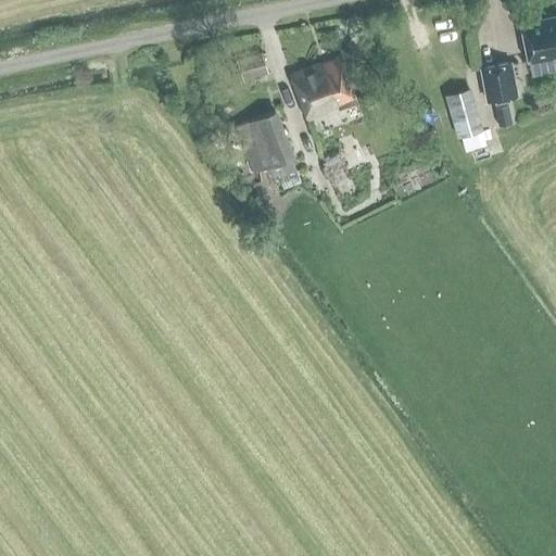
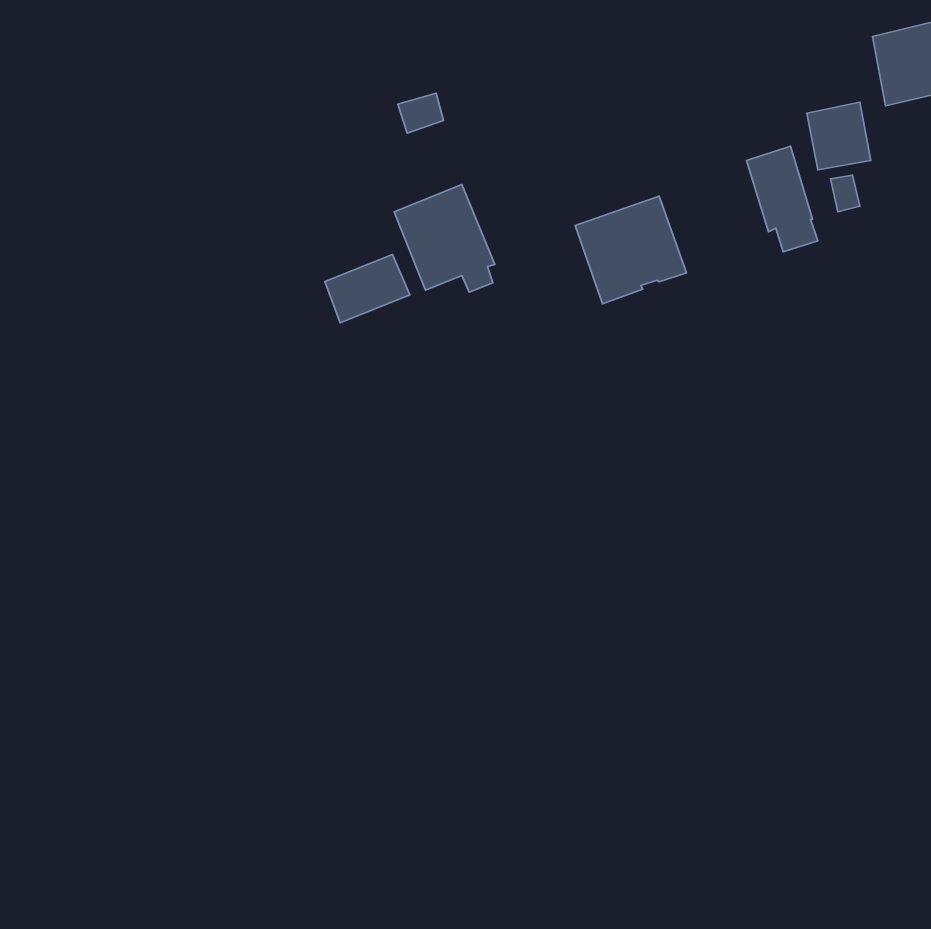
building: [290,60,356,124] -> [575,196,687,304]
building: none -> [325,255,410,323]

